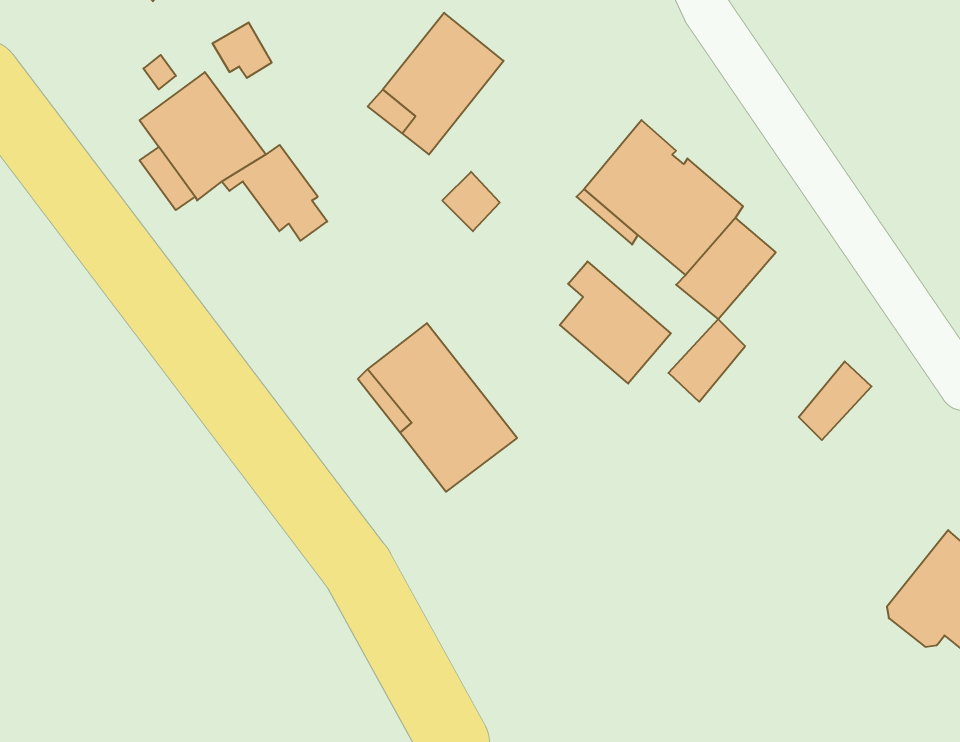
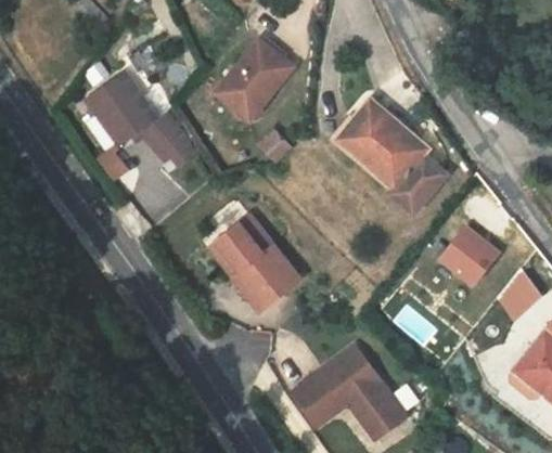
building: [560,261,671,384] -> none
building: [668,319,745,402] -> [442,221,486,268]
building: none -> [488,272,538,322]
building: none -> [293,347,405,440]

